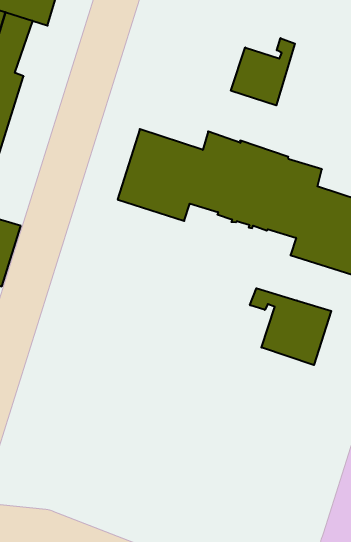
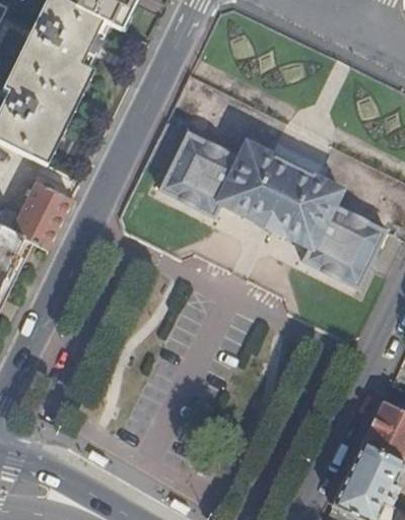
building: [231,38,295,105] -> none
building: [250,288,331,365] -> none

